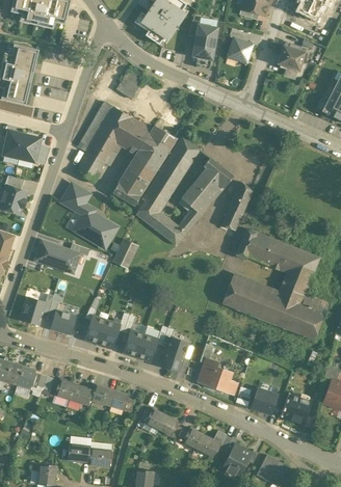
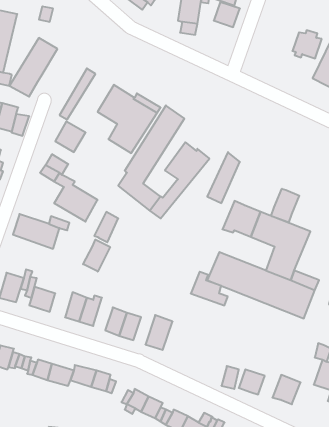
building: [278,43,306,70] -> [292,30,322,58]
building: [116,69,145,98] -> none
building: [86,106,132,162] -> [10,38,57,97]
building: [201,157,234,187] -> none
building: [113,168,149,205] -> none
building: none -> [271,189,299,223]
building: none -> [83,240,110,272]
building: [200,359,235,391] -> [191,272,228,305]

